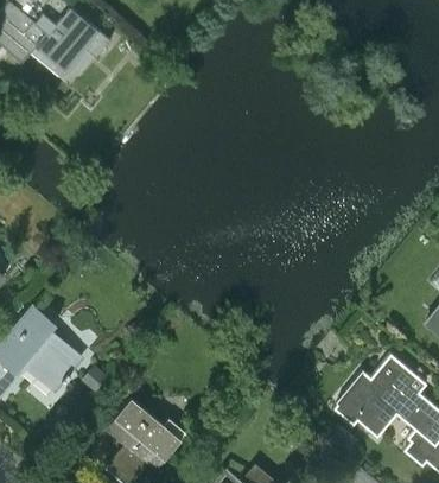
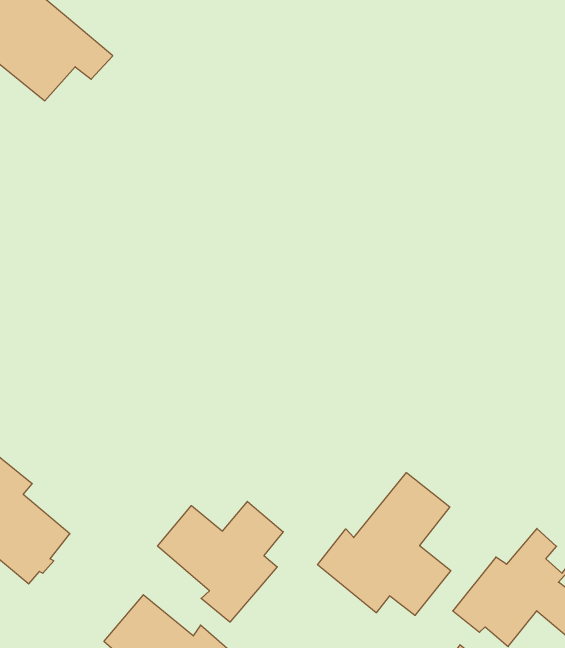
building: none -> [318,473,451,615]
building: none -> [158,501,283,622]

